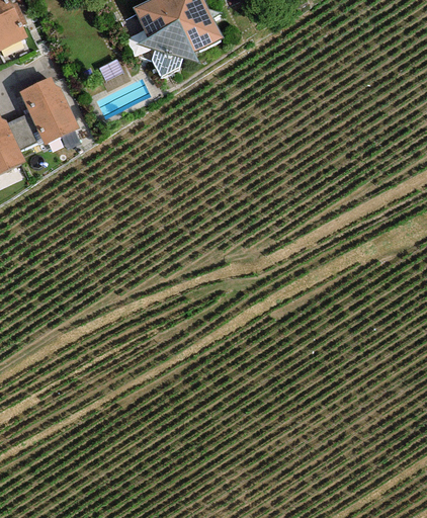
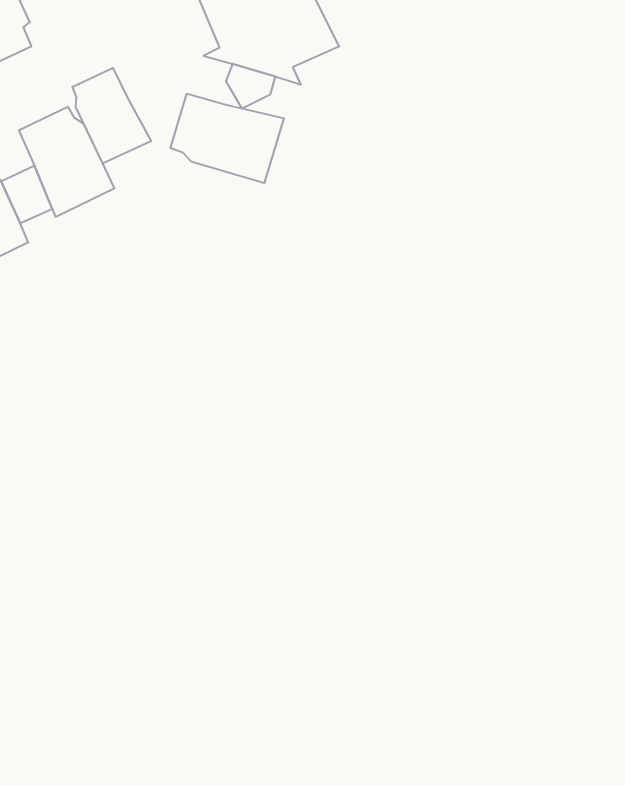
building: none -> [72,68,151,164]
building: none -> [170,94,284,183]

